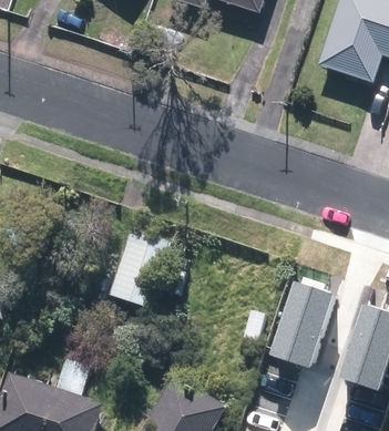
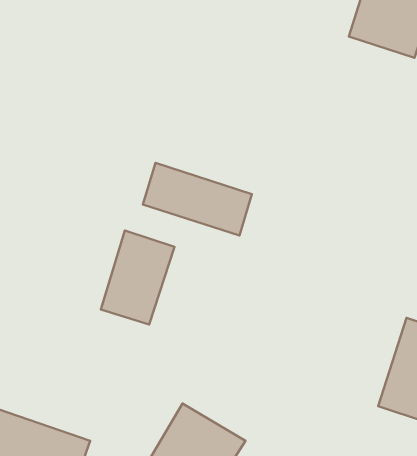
building: none -> [143,163,252,236]
building: [269,279,334,366] -> none

